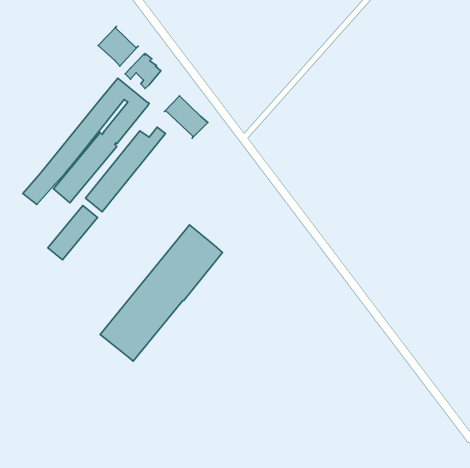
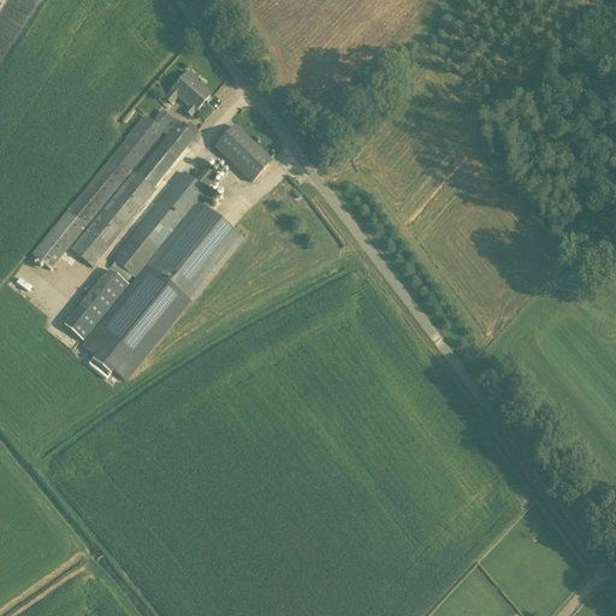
building: [98,26,138,66] -> none
building: [100,225,223,361] -> [82,201,242,379]

